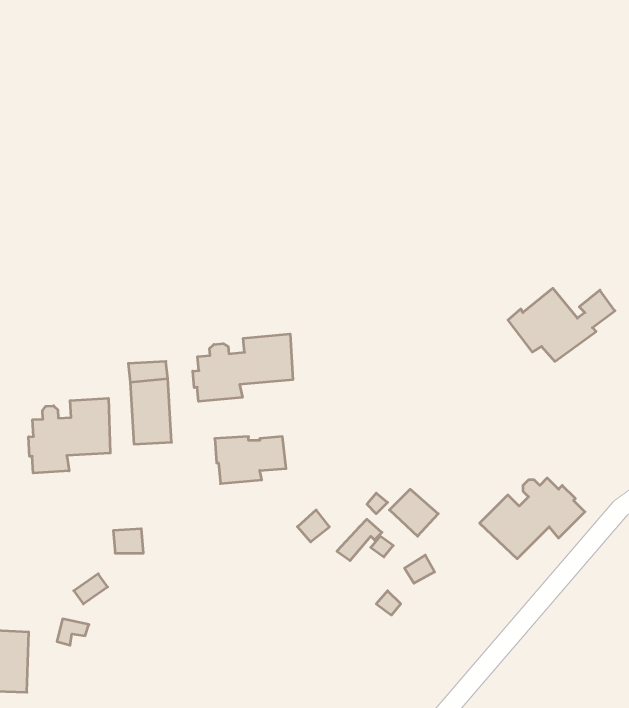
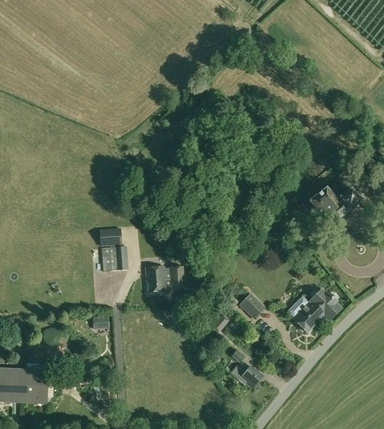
building: [193,334,293,401] -> none
building: [29,398,110,473] -> none
building: none -> [231,364,262,385]

